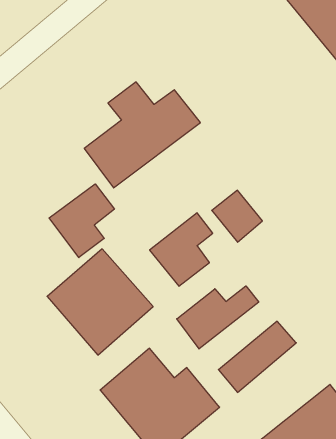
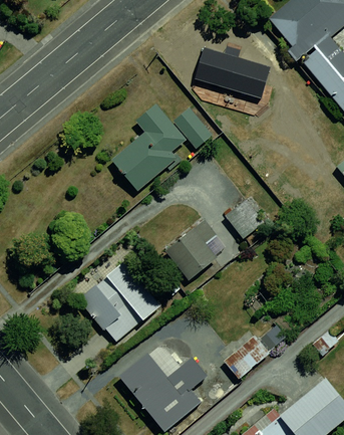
building: none -> [193,62,262,100]
building: [49,184,114,258] -> none
building: [177,286,259,349] -> none

